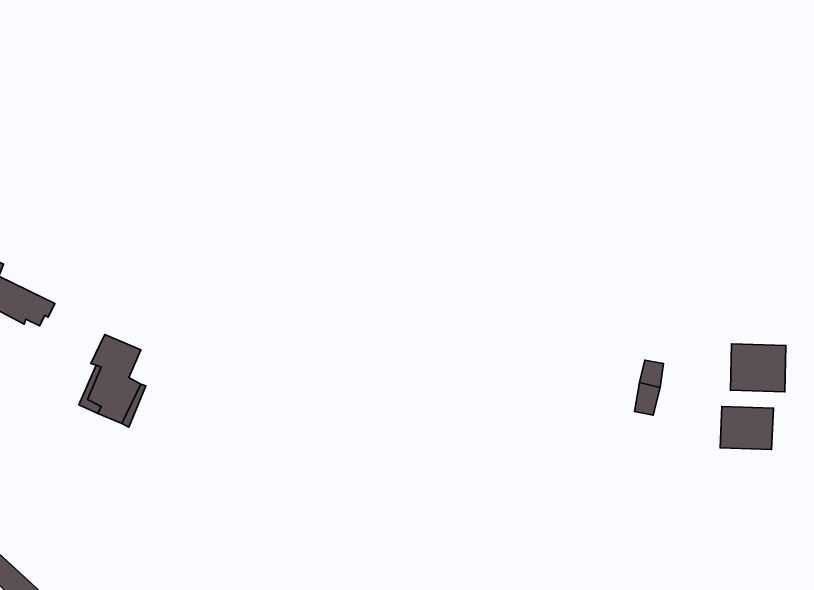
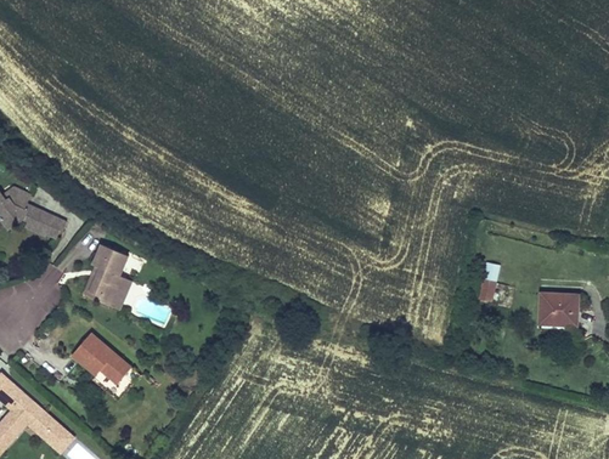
building: [730,344,786,392] -> none
building: none -> [72,333,131,384]

